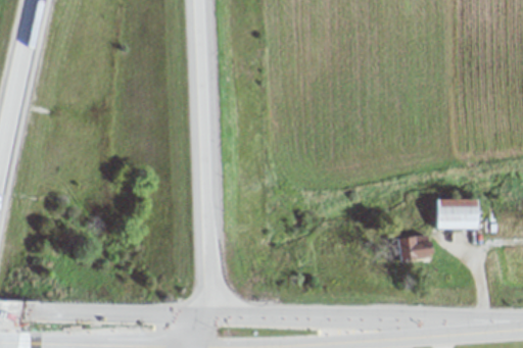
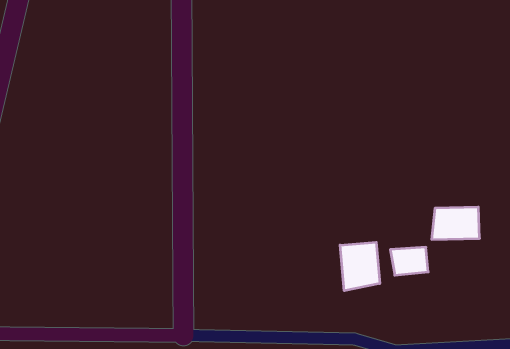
building: none -> [340,242,380,291]

